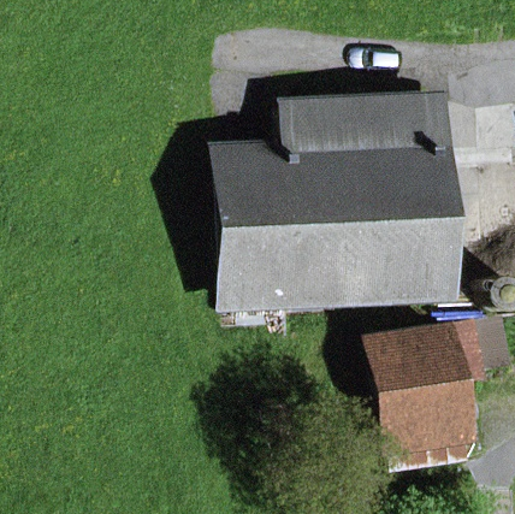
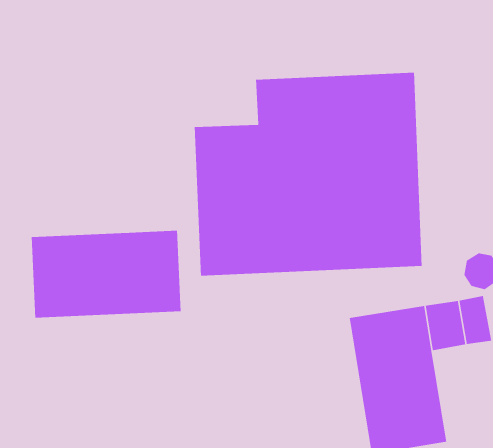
building: none -> [31,230,182,318]

